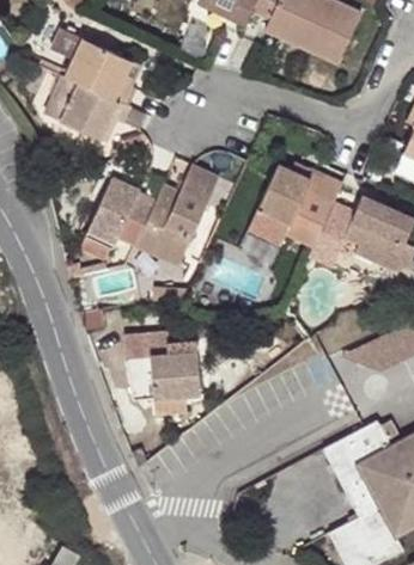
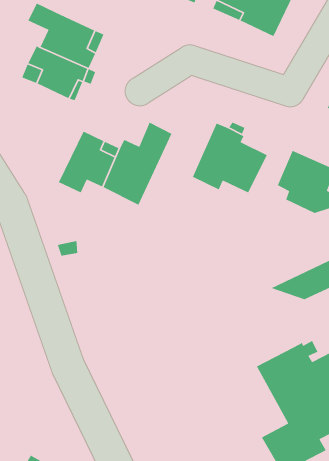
building: [127,337,203,403] -> none

